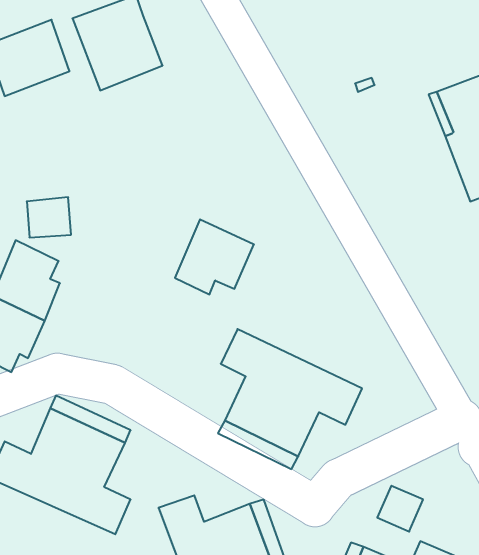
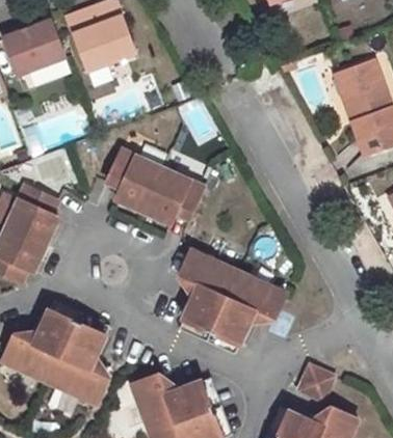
building: none -> [106,149,162,212]

